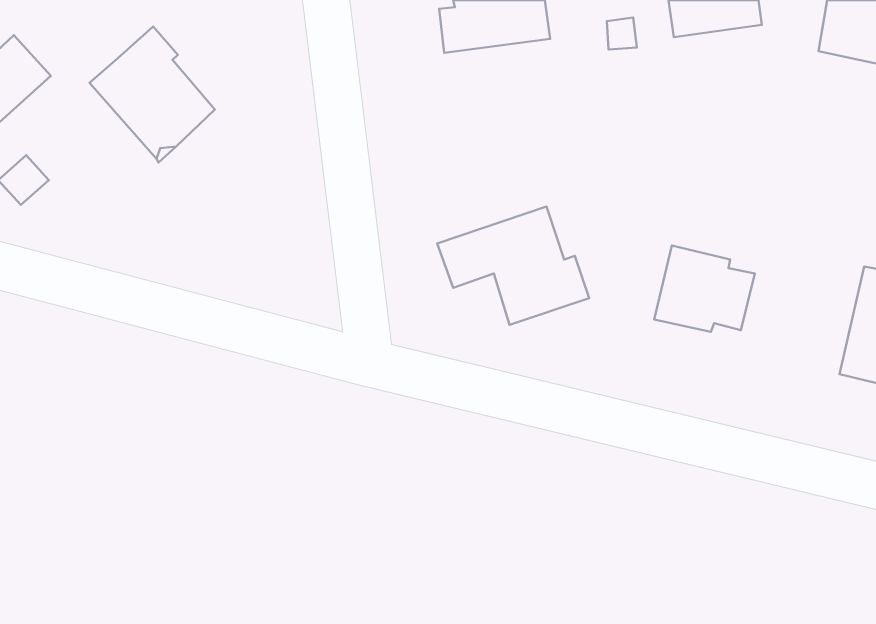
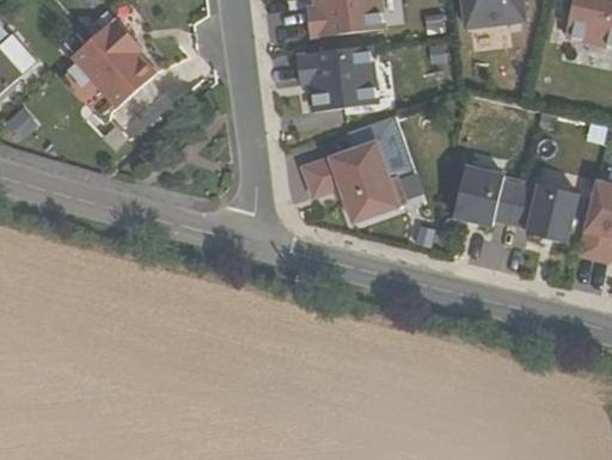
building: none -> [298,43,377,110]
building: none -> [512,184,579,244]

